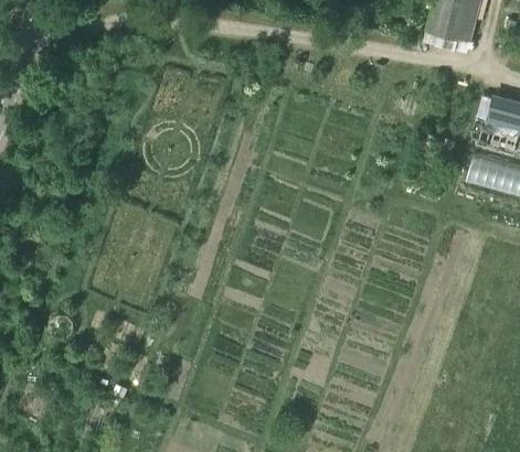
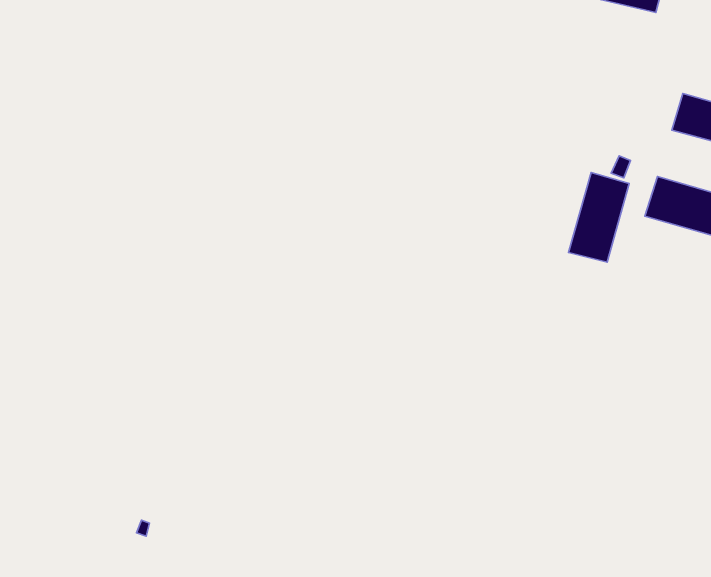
building: none -> [568,172,629,262]

